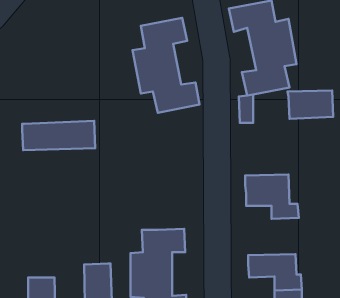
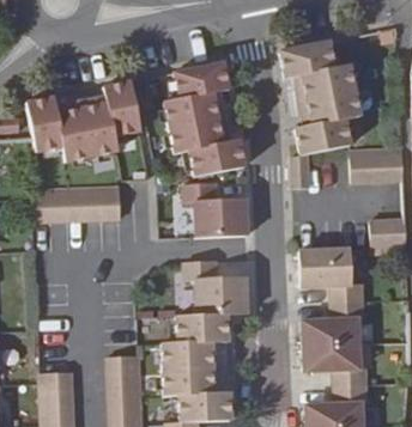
building: none -> [29,81,141,161]
building: none -> [183,183,247,237]
building: none -> [369,219,405,252]
building: none -> [184,260,247,315]
building: none -> [302,300,363,344]

